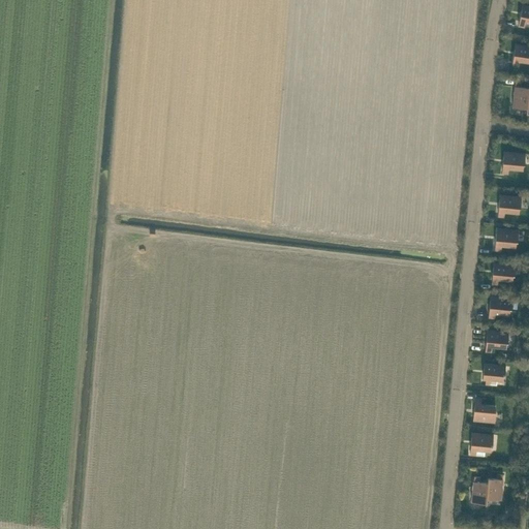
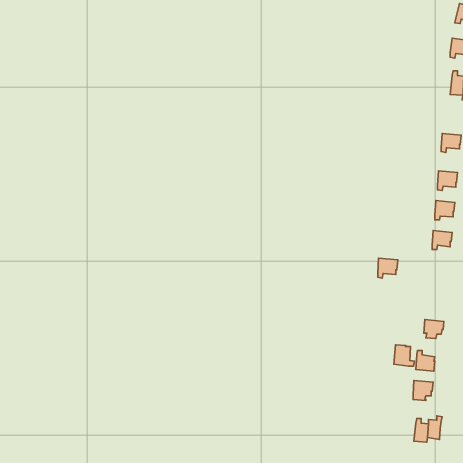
building: [490,297,512,319] -> [378,258,398,278]
building: [486,331,509,352] -> none
building: none -> [394,345,414,366]

